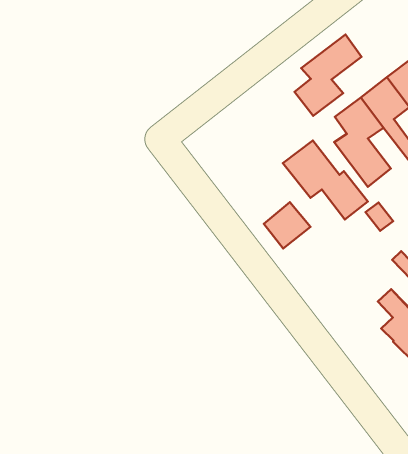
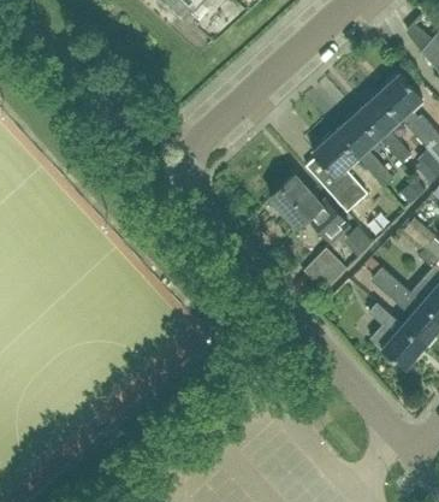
building: [295,35,362,116] -> none
building: [264,202,310,248] -> [304,249,346,291]

